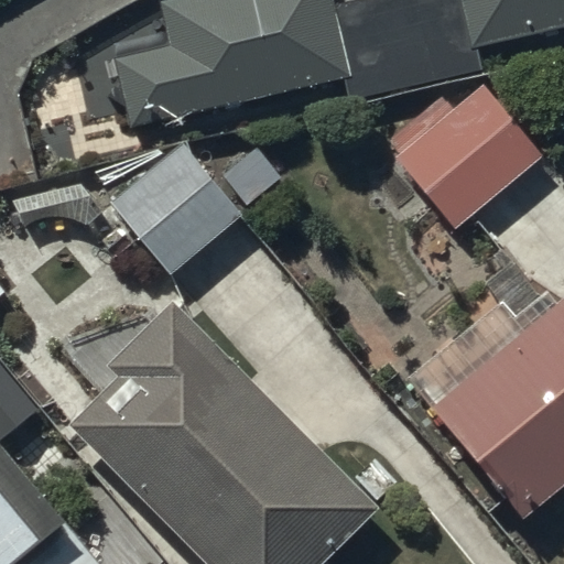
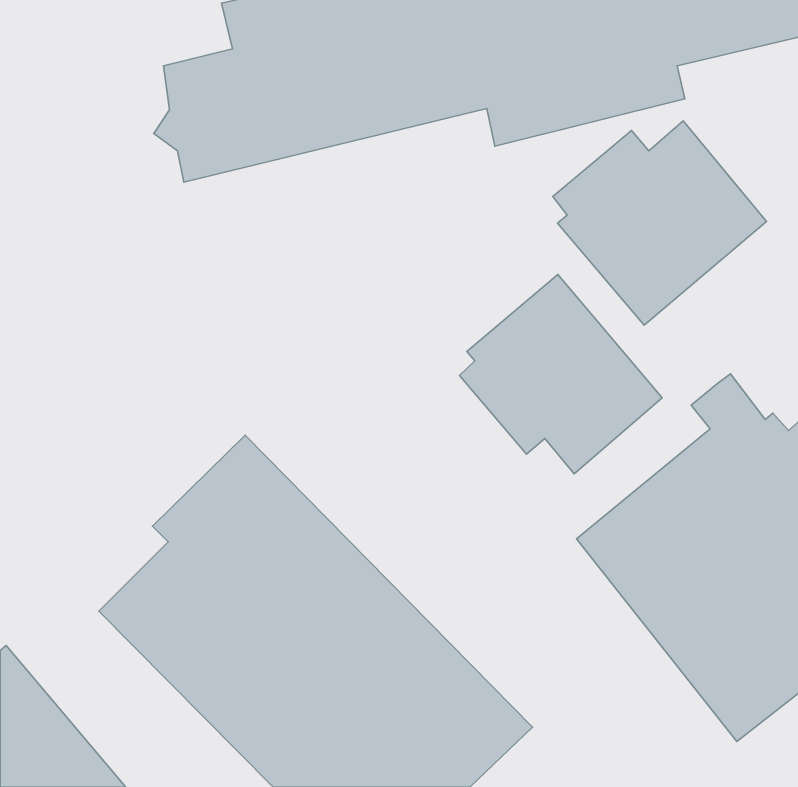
building: [112,143,241,273] -> none
building: none -> [460,274,662,474]

